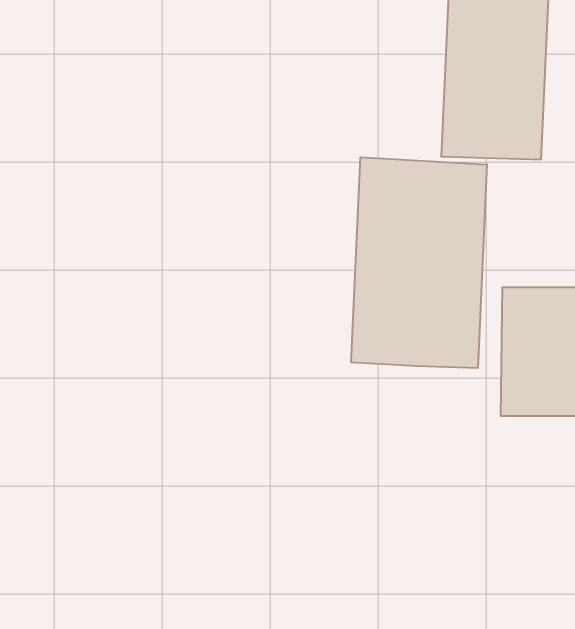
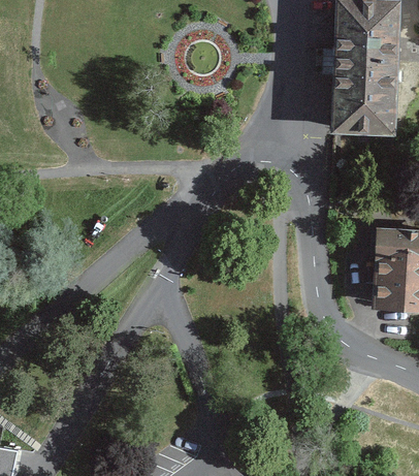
building: [351,157,487,368] -> none

